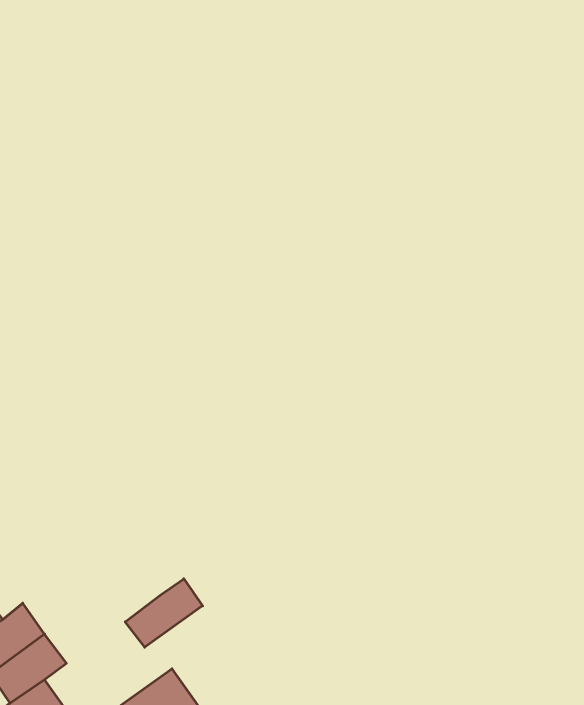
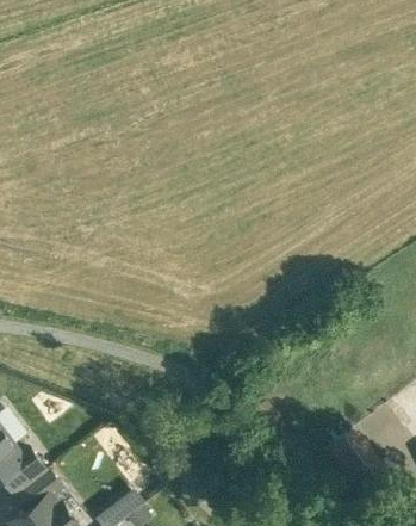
building: [125,579,203,647] -> none

